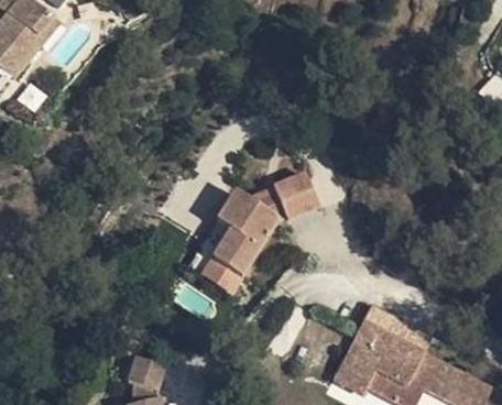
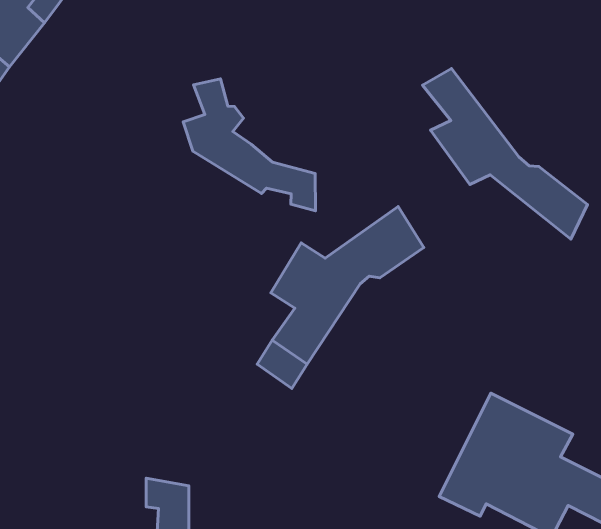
building: none -> [423,69,587,239]
building: none -> [183,79,315,211]

